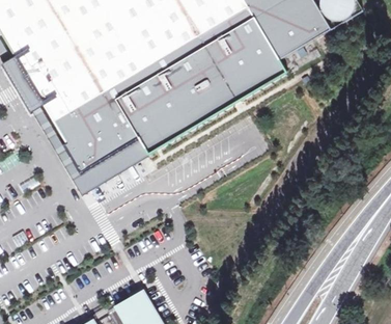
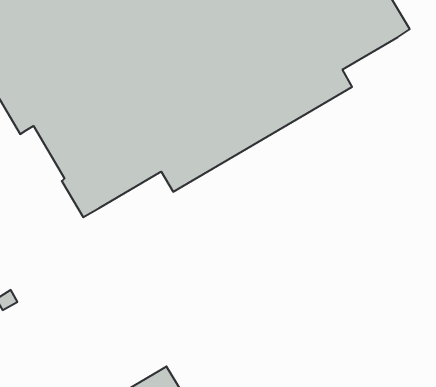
building: [30,103,148,196] -> none

